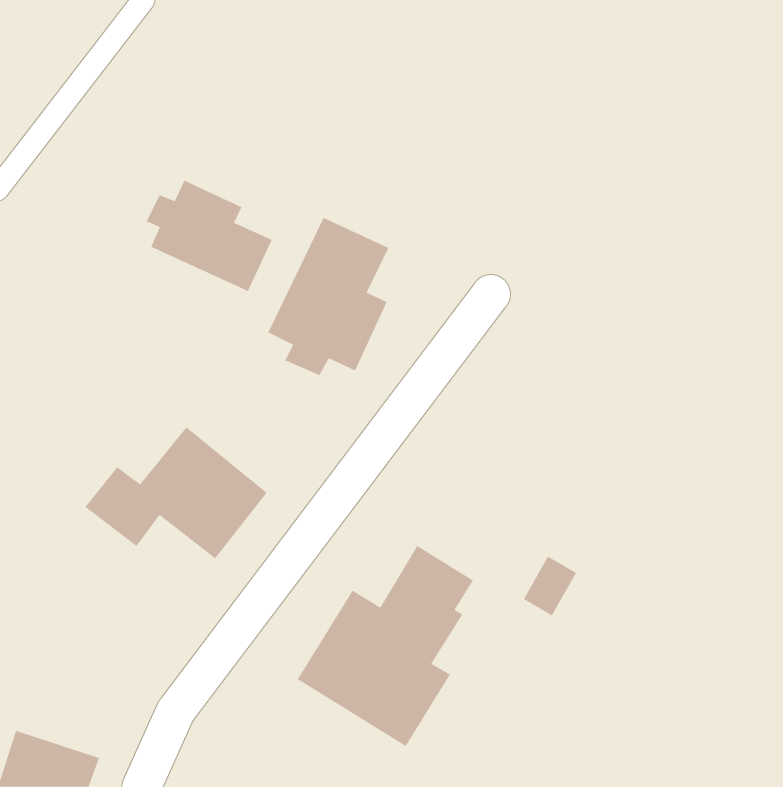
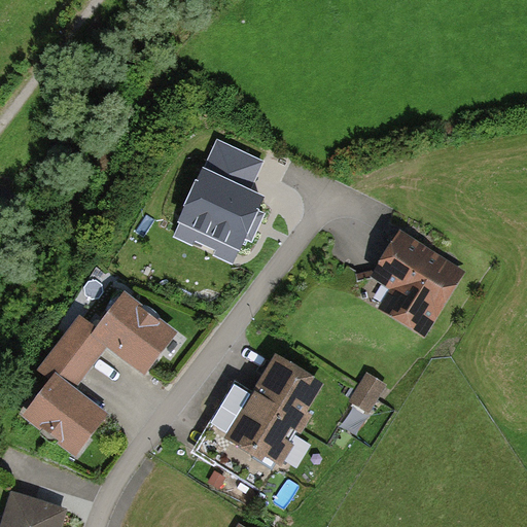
building: [146,180,273,292] -> none
building: none -> [376,239,458,332]
building: none -> [20,339,107,453]

